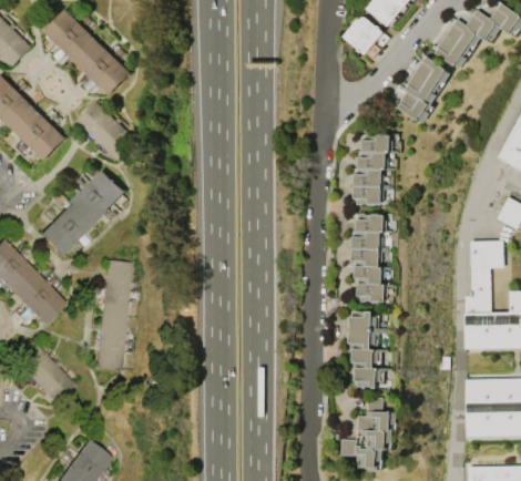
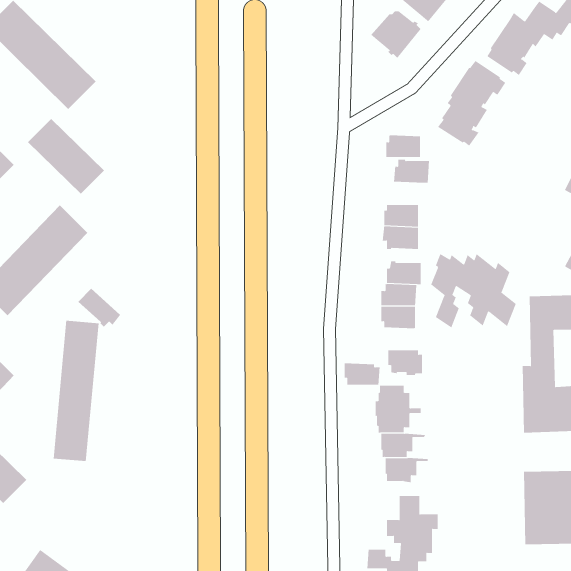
building: [359,152,387,170] -> [386,135,421,158]
building: none -> [431,253,517,328]
building: none -> [77,288,121,328]
building: [355,266,384,284] -> [344,363,381,385]

